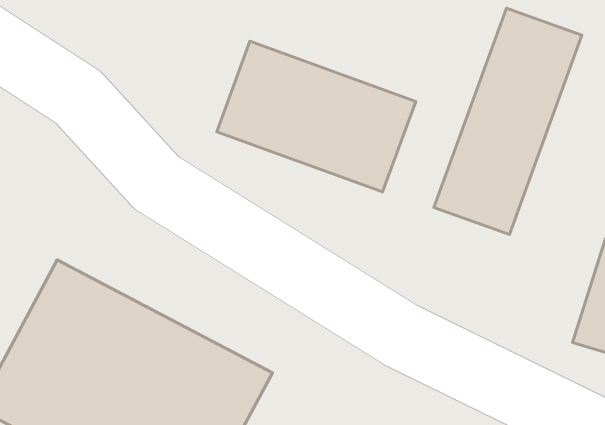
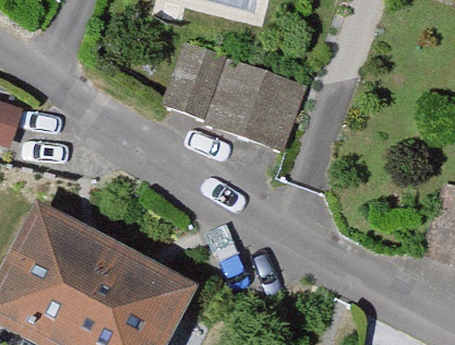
building: [434,8,582,235] -> none

